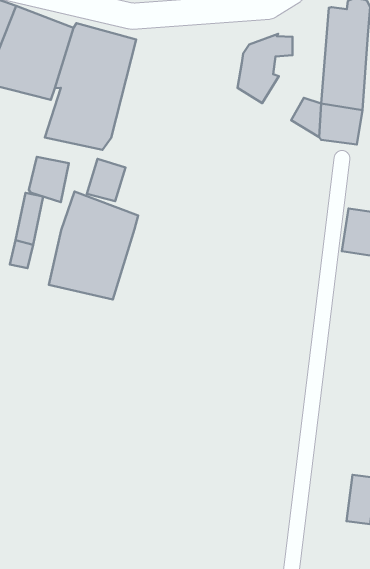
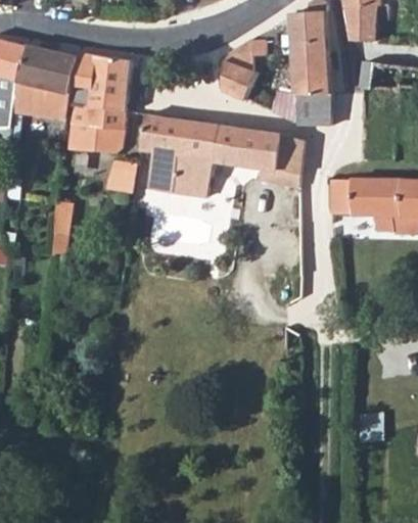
building: none -> [139,113,303,200]
building: [29,157,69,202] -> none
building: [49,192,138,299] -> none

